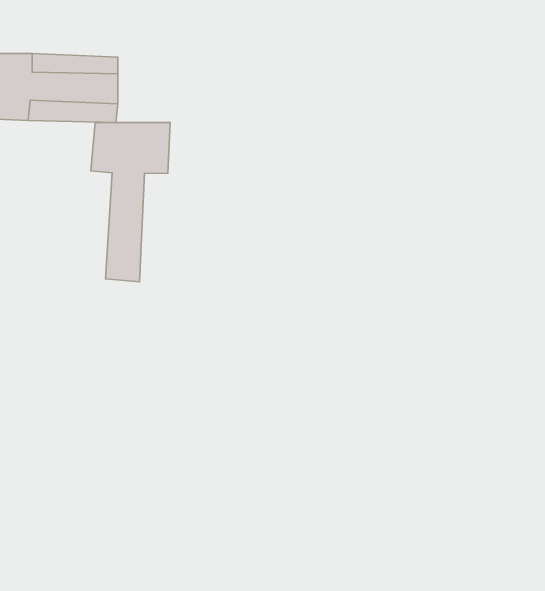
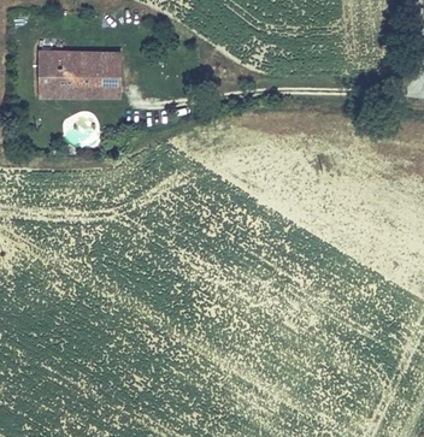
building: [91,122,170,282] -> none

